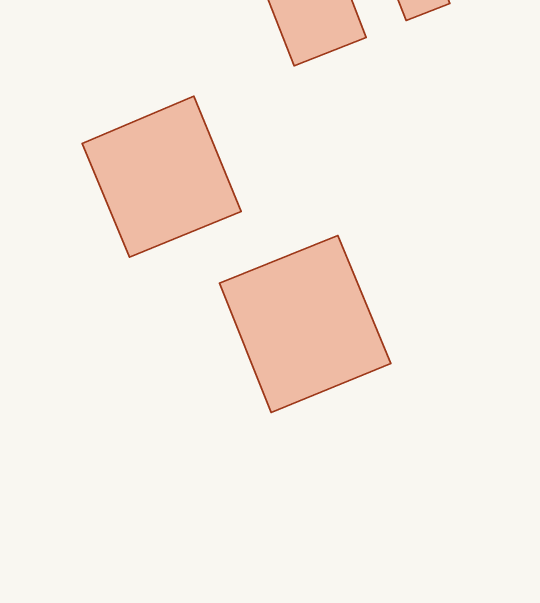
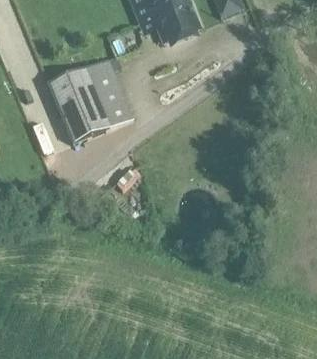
building: [220,236,391,412] -> none

